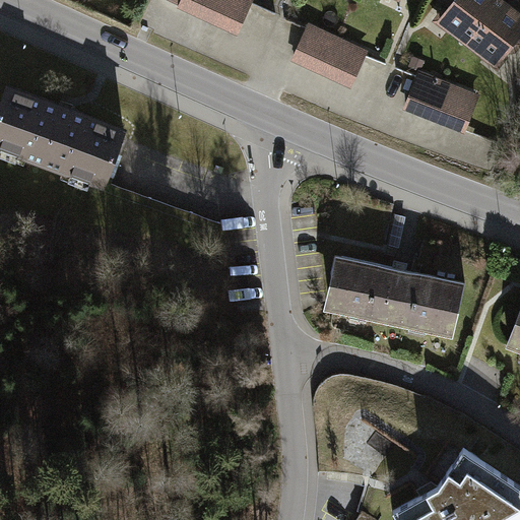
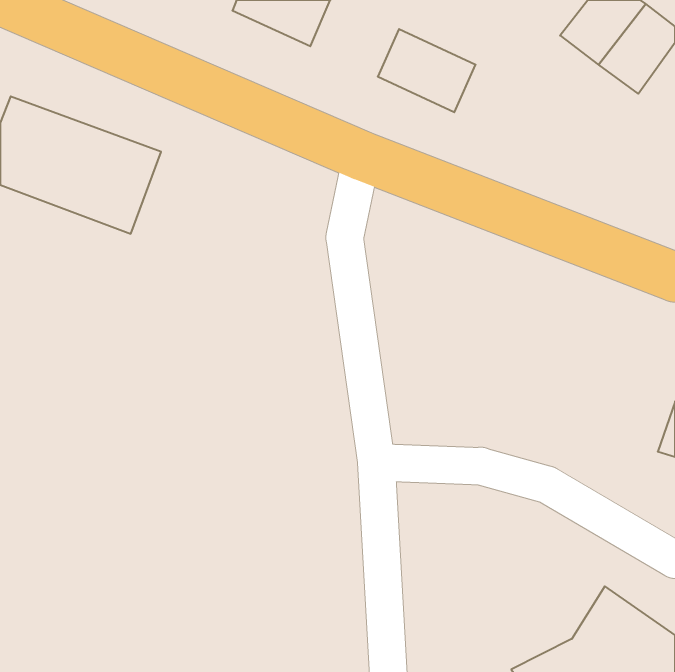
building: [401,69,481,134] -> none
building: [322,255,463,337] -> none

